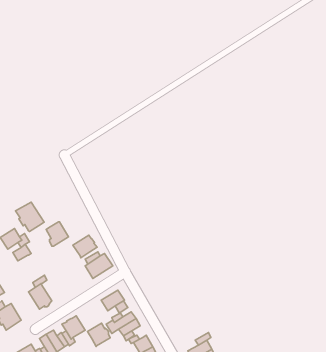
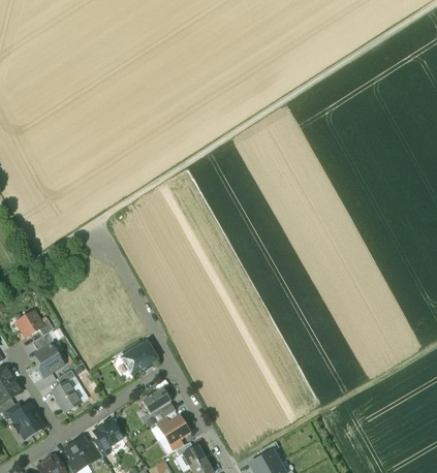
building: [16,202,44,231] -> none
building: [46,222,69,246] -> [35,345,63,375]
building: [73,235,97,258] -> none
building: [88,323,110,346] -> none

